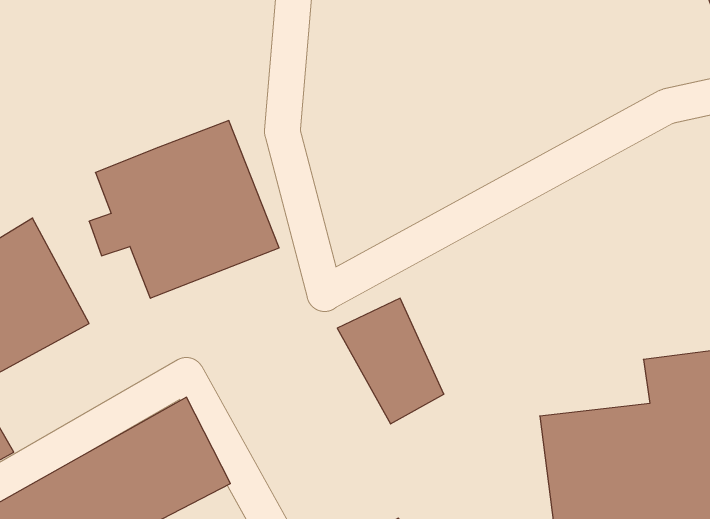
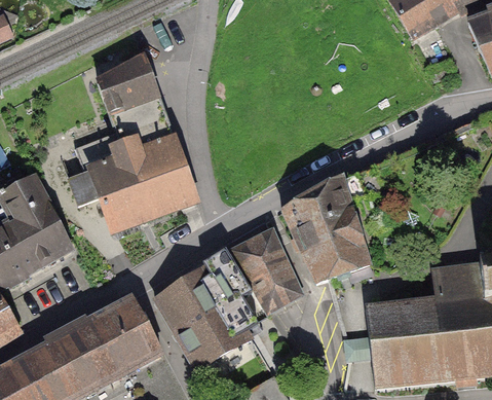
building: none -> [99,58,162,131]
building: none -> [283,176,371,282]
building: none -> [157,248,258,367]

